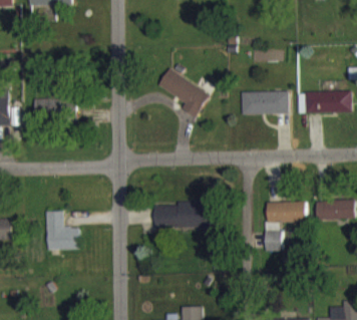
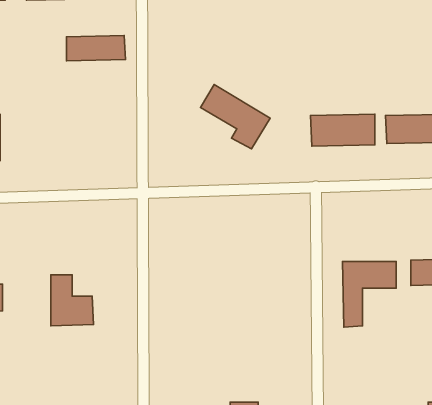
building: [33,97,77,116] -> [67,35,126,61]
building: [153,201,214,228] -> none

